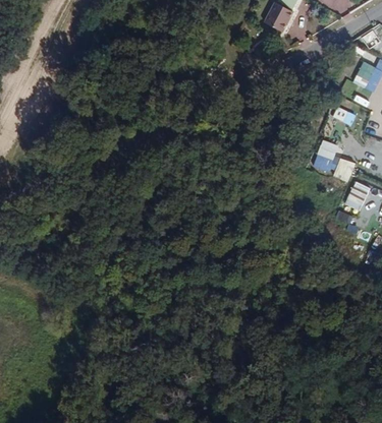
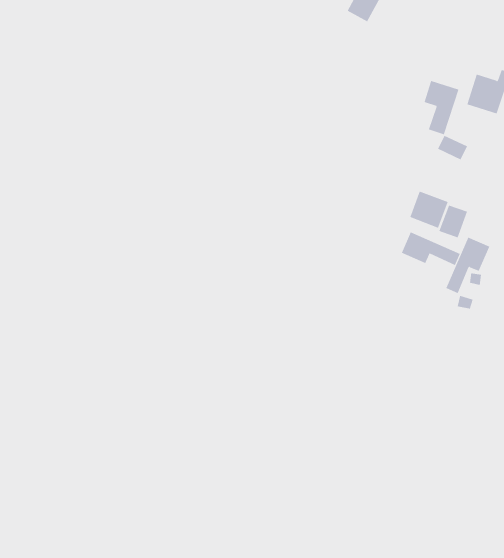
building: none -> [424,80,459,135]
building: none -> [401,231,461,266]

